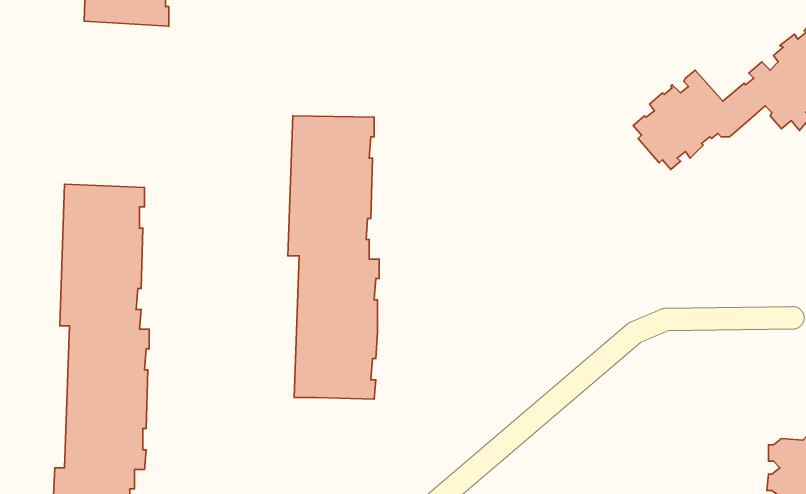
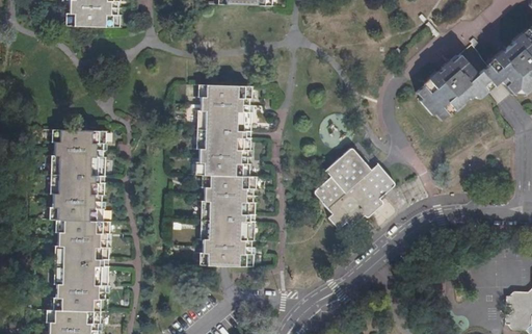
building: none -> [313,149,396,229]

